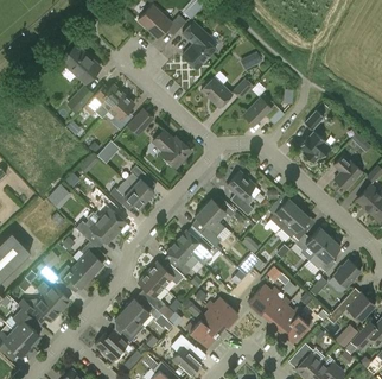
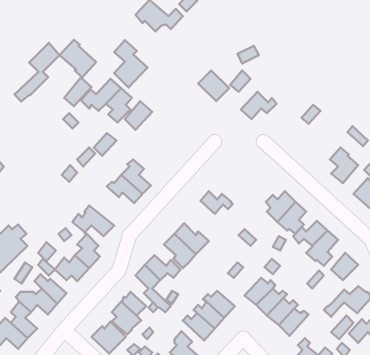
building: [182,23,215,70] -> [114,40,147,88]
building: none -> [15,43,60,101]
building: [152,131,191,169] -> none
building: [298,132,329,164] -> none
building: [227,172,254,216] -> none
building: [91,191,125,233] -> none
building: [195,208,224,246] -> none

